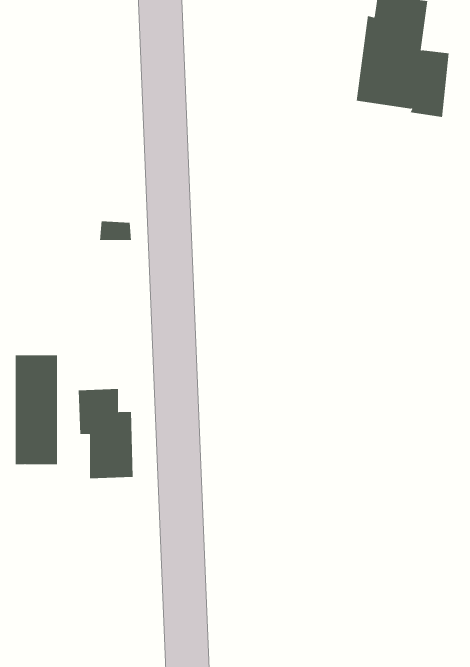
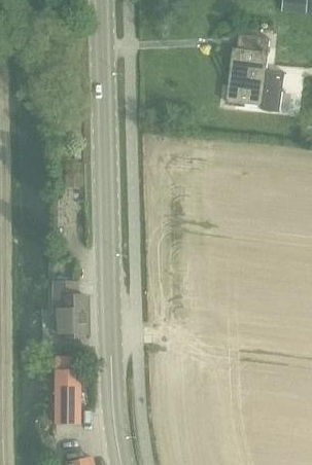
building: [15,355,58,465] -> [54,354,80,423]

